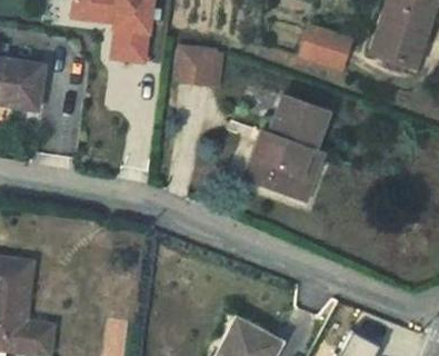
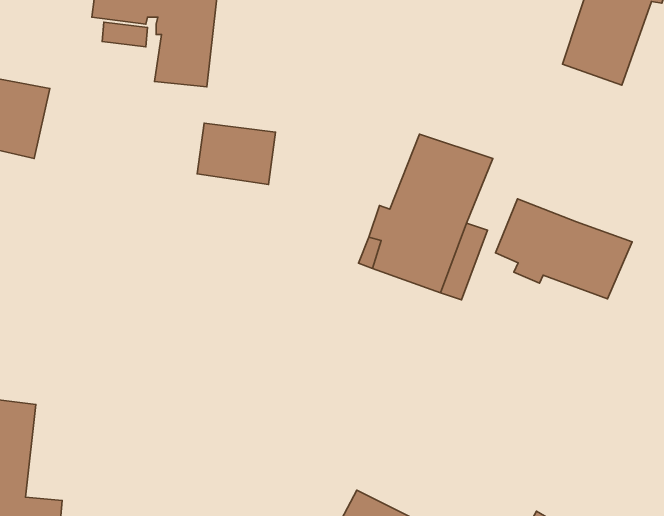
building: [303,23,351,66] -> none
building: [171,48,221,87] -> [197,123,276,184]
building: none -> [496,199,632,299]

